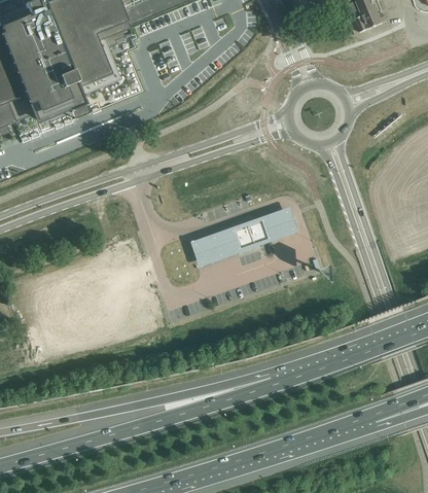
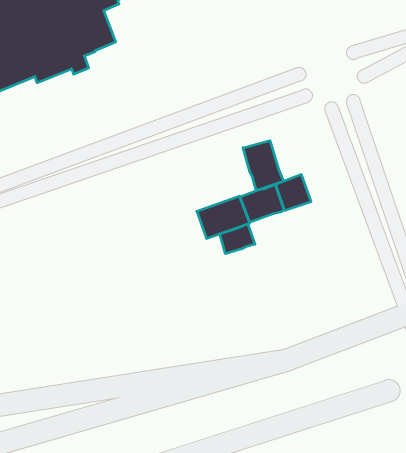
building: none -> [243,141,283,190]
building: none -> [220,224,255,254]

